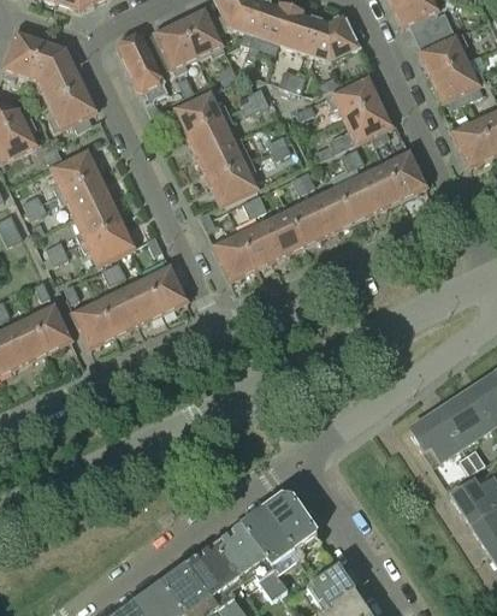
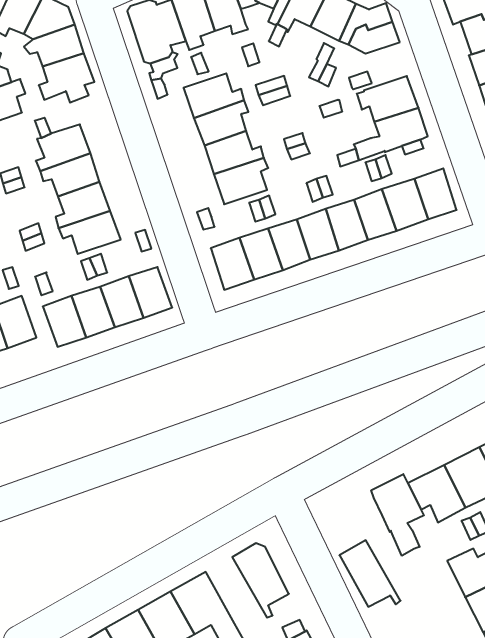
building: none -> [371,474,424,556]
building: [241,513,298,570] -> [339,540,401,607]

